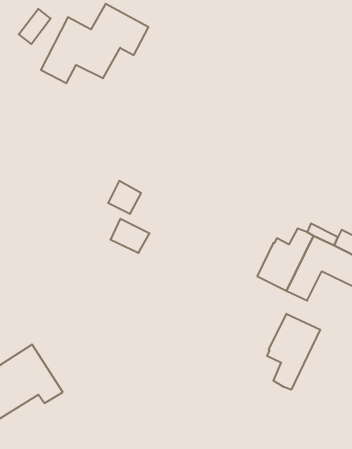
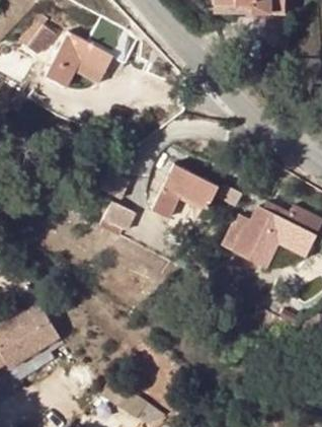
building: none -> [151,164,218,218]
building: [267,314,320,390] -> none

